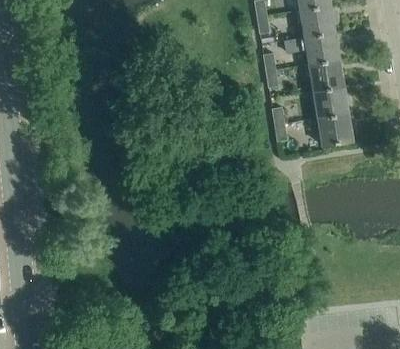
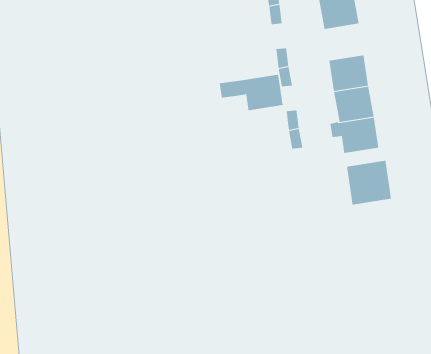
building: [284,32,340,64] -> [219,74,283,111]
building: none -> [347,160,391,206]

